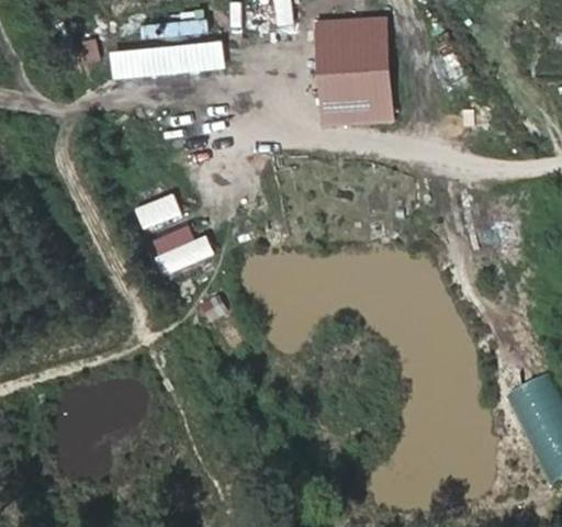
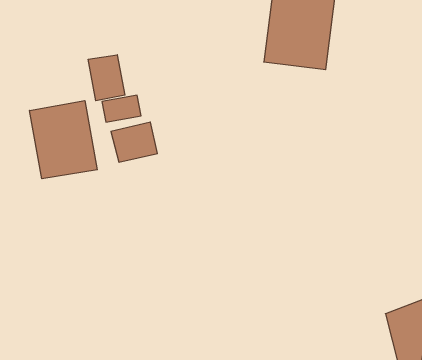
building: none -> [88,55,125,101]
building: none -> [30,101,97,179]

